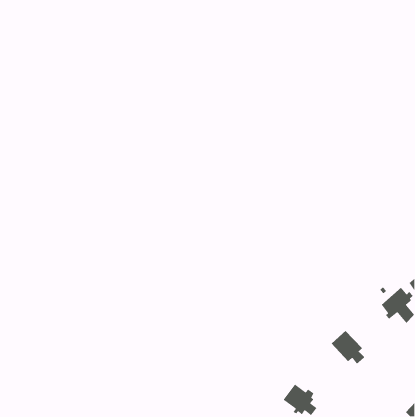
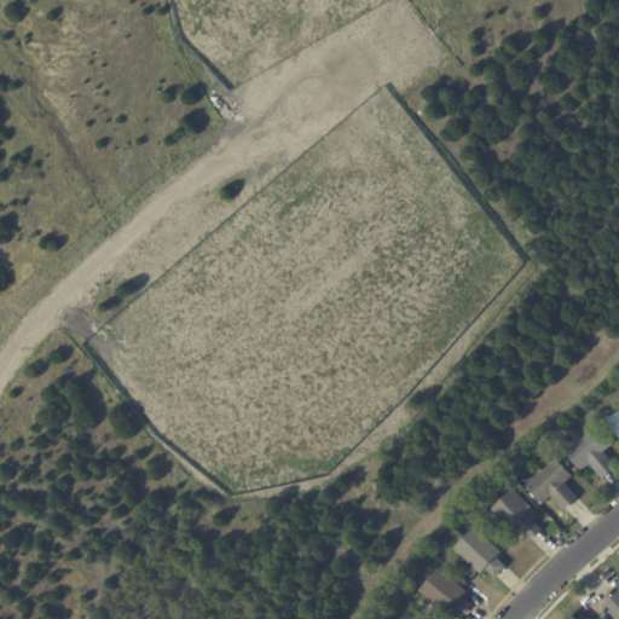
building: none -> [523,457,577,509]
building: none -> [452,526,504,575]

